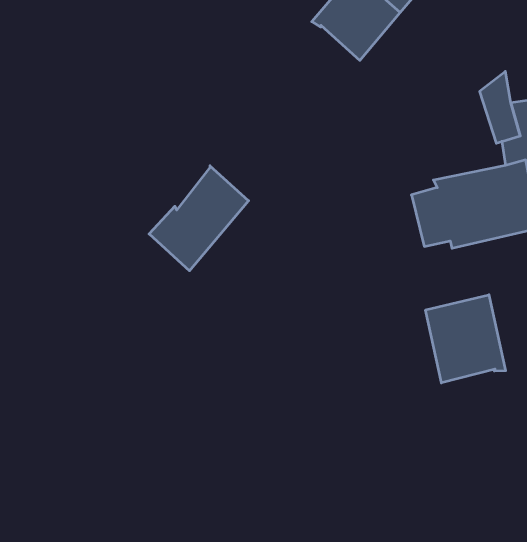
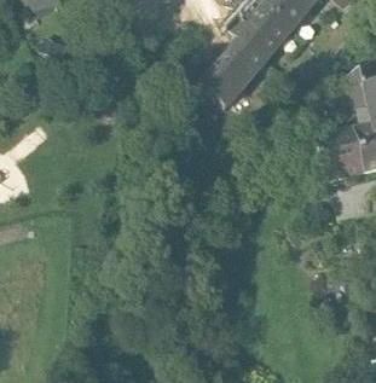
building: [149,166,249,271] -> [198,28,264,97]
building: [426,295,506,383] -> none

